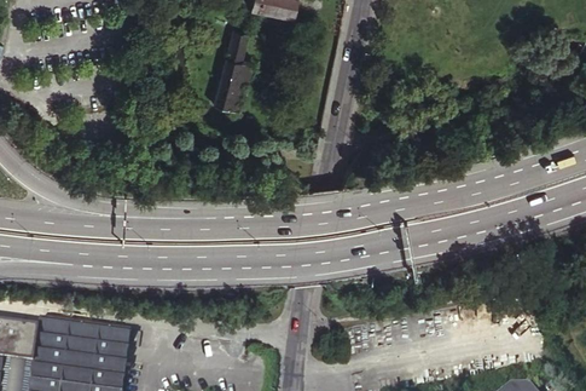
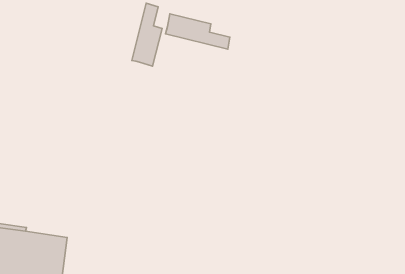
building: none -> [166,14,230,49]

